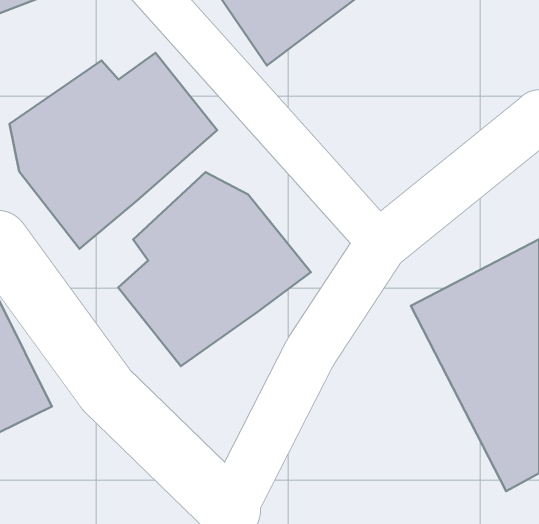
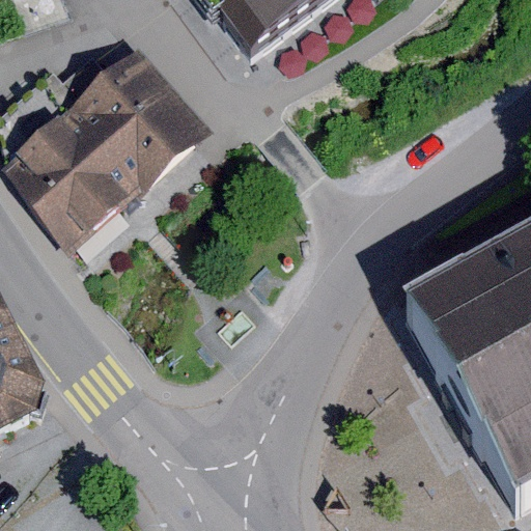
building: [118,172,311,366] -> none

